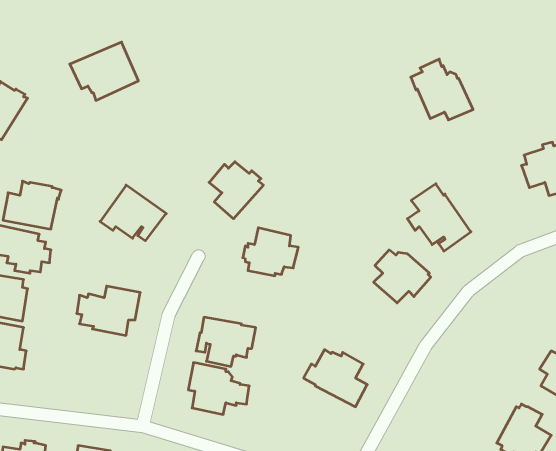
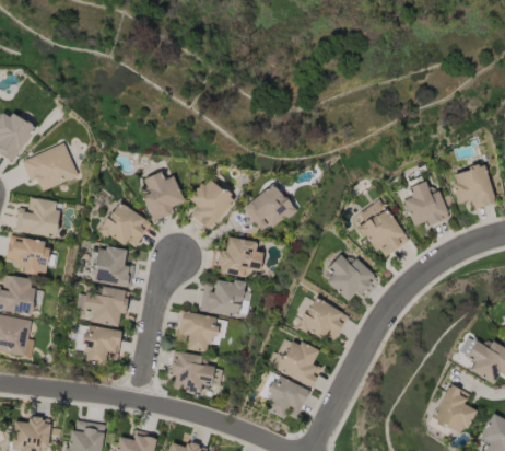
building: [70,42,138,100] -> [21,142,79,192]
building: [411,59,473,120] -> [398,175,450,227]
building: none -> [142,171,184,221]
building: none -> [242,183,302,231]
building: none -> [90,246,134,288]
building: none -> [200,279,251,317]
building: none -> [296,297,349,342]
building: none -> [74,325,121,365]
building: none -> [259,372,309,418]

